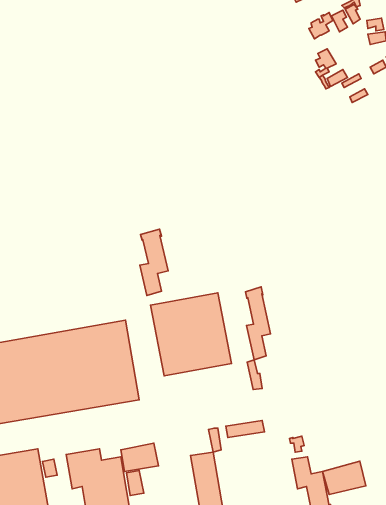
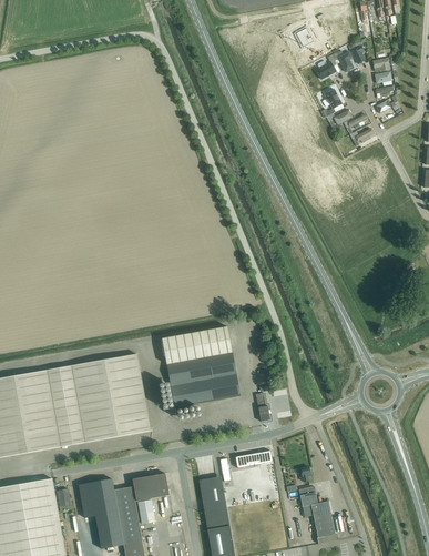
building: [140,229,168,296] -> none
building: [245,287,270,360] -> none
building: [322,461,366,495] -> none

